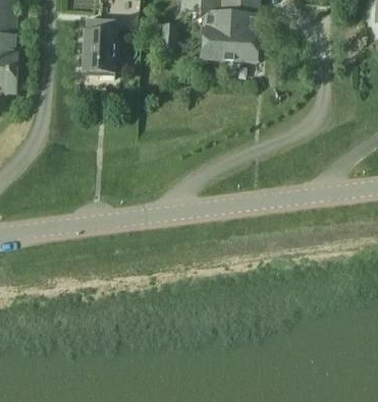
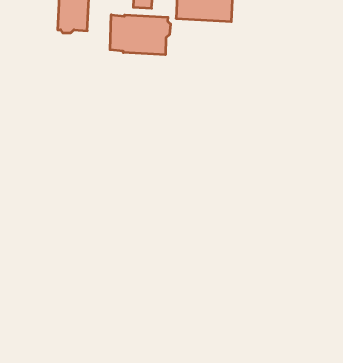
building: none -> [110,15,171,55]

